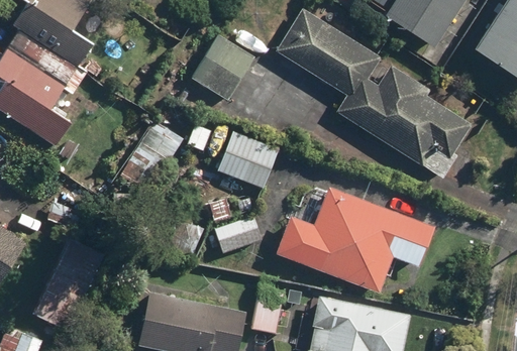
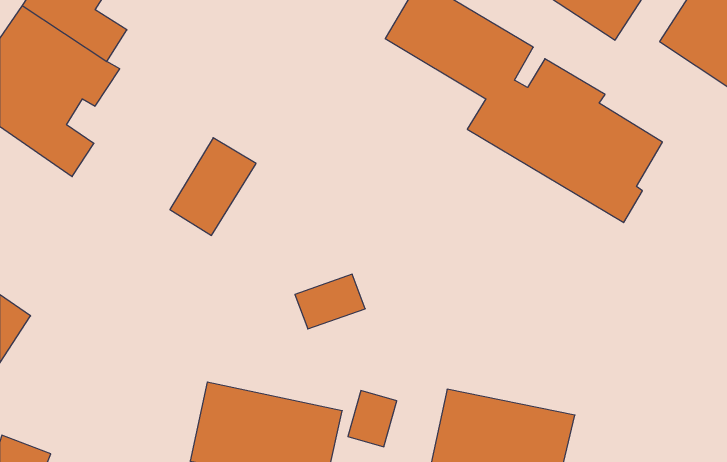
building: [189,31,256,102] -> none
building: [215,127,281,192] -> none
building: [278,187,432,294] -> none
building: [37,238,105,326] -> none

